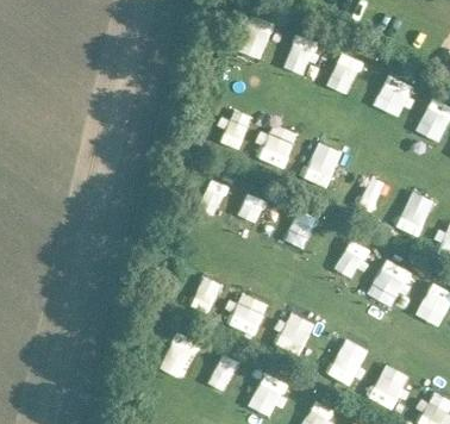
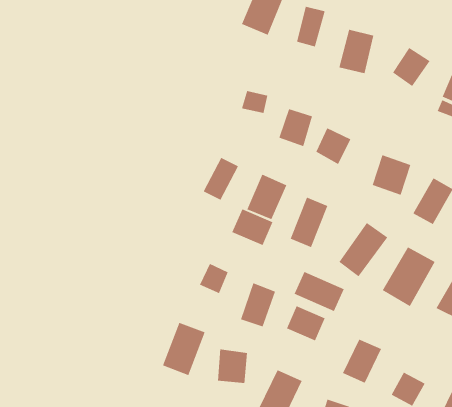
building: none -> [232,208,273,246]
building: none -> [294,271,344,312]

